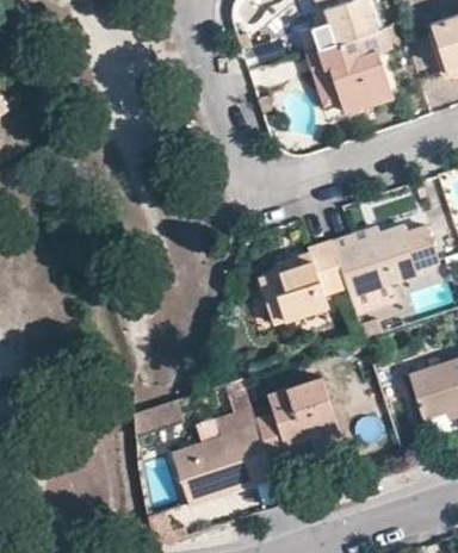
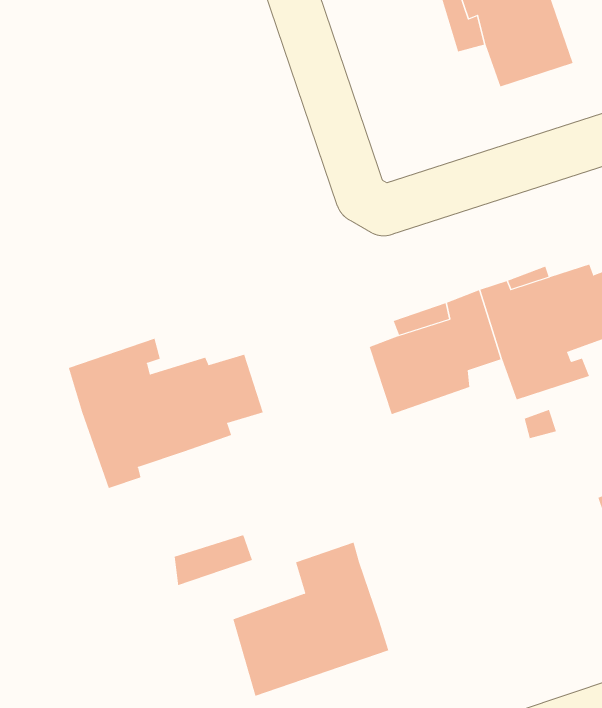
building: none -> [68,338,263,489]
building: [255,379,342,455] -> none

